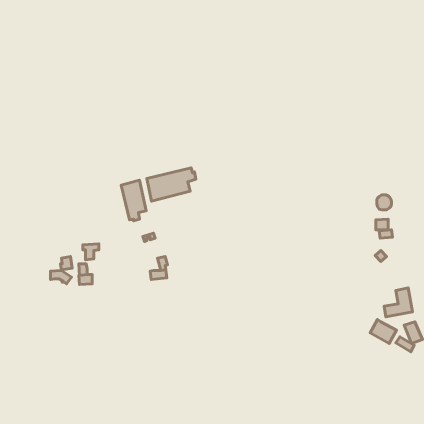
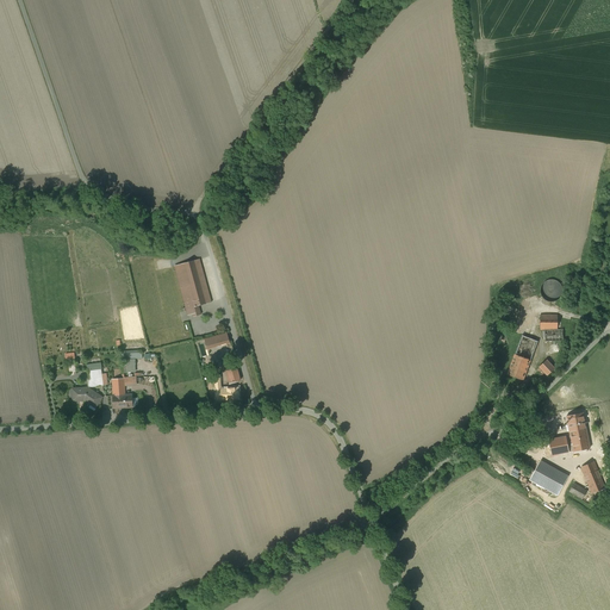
building: [147,168,196,201] -> none
building: none -> [508,336,539,380]

